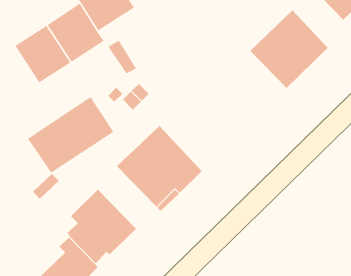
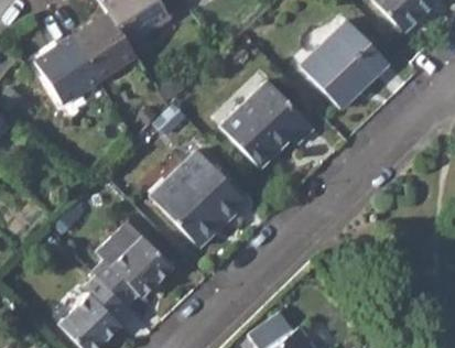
building: none -> [219,79,313,167]
building: [27,96,114,173] -> none

